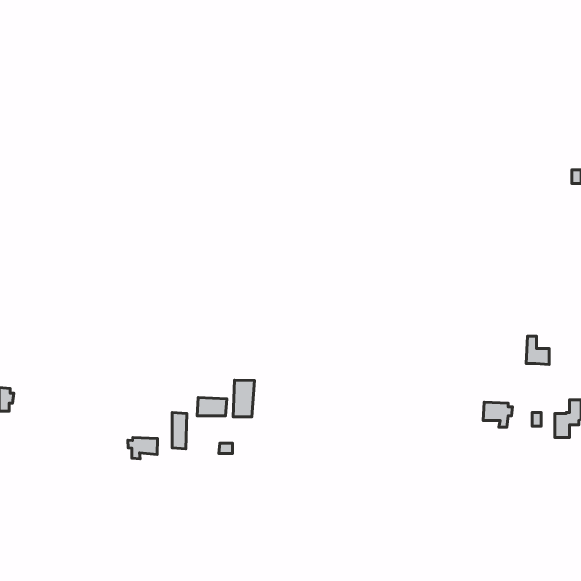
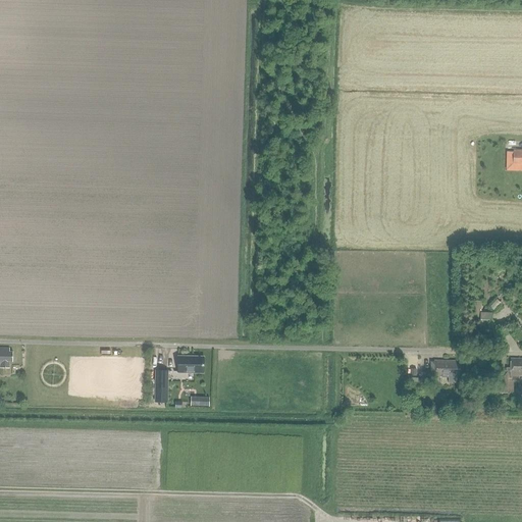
building: [233,380,255,417] -> none
building: [128,437,158,459] -> none

